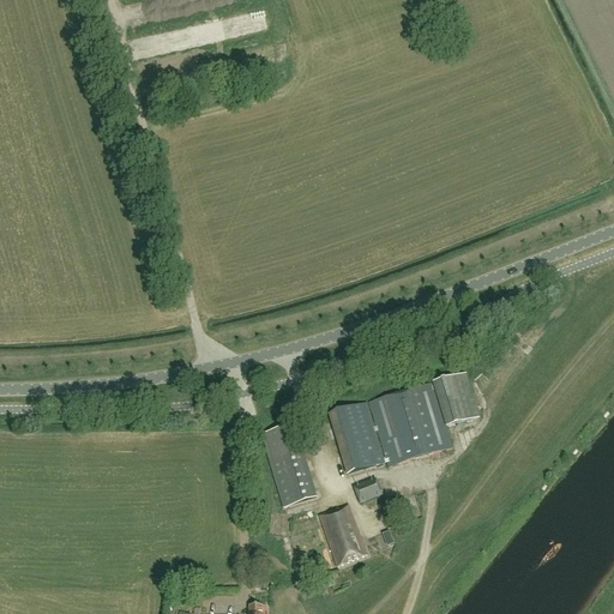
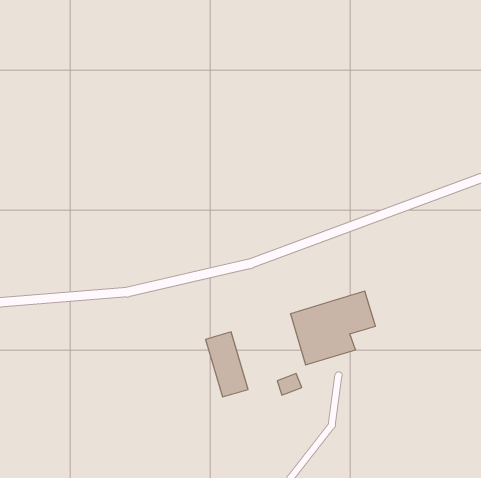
building: [327,399,385,472] -> none
building: [318,501,367,564] -> none

